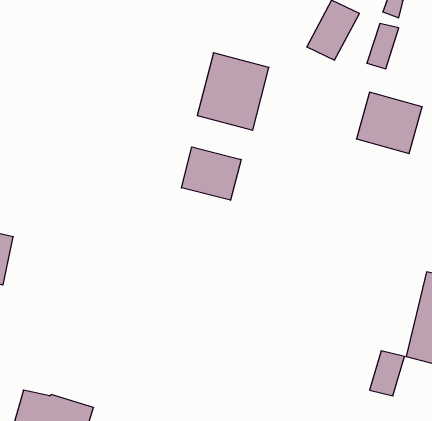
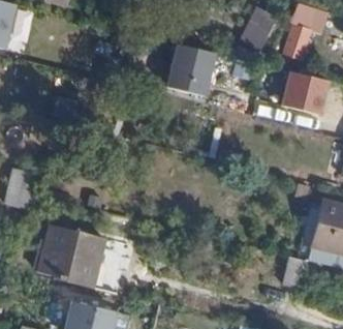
building: [181,147,241,200] -> none
building: none -> [38,223,101,283]

